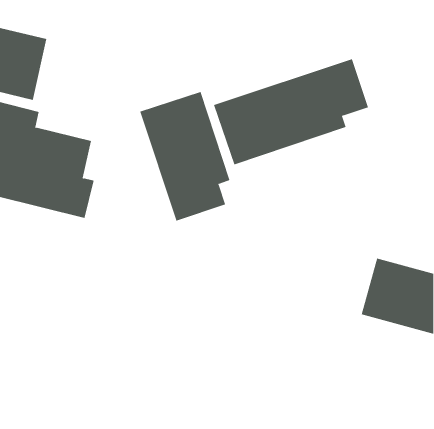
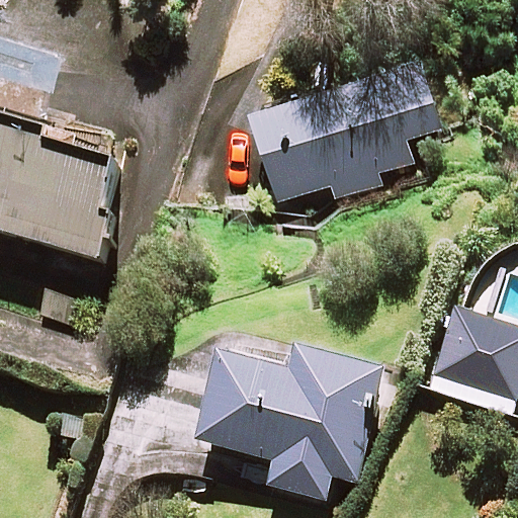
building: [140,91,230,221] -> none
building: none -> [190,347,383,493]

